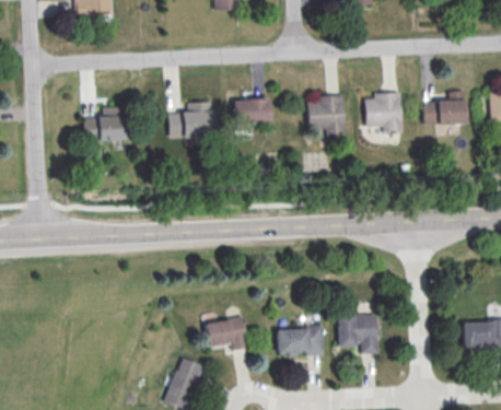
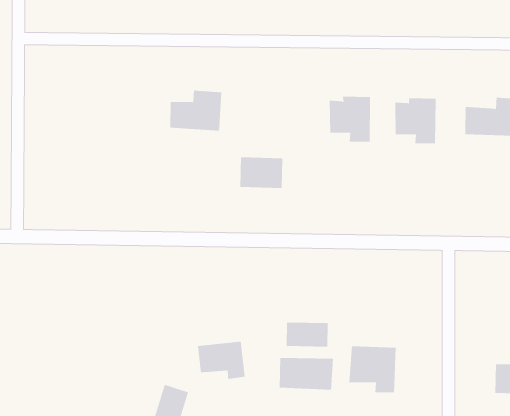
building: [232,97,270,125] -> [240,157,283,189]
building: [83,106,126,140] -> none
building: none -> [286,322,328,347]

